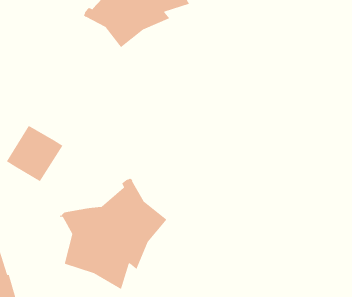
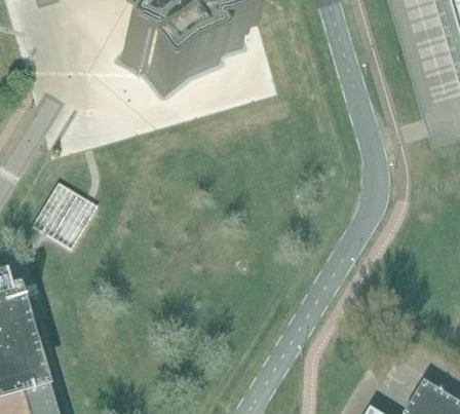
building: [59,178,168,290] -> none

